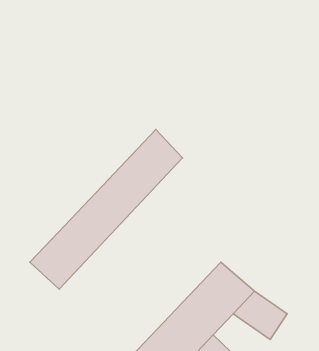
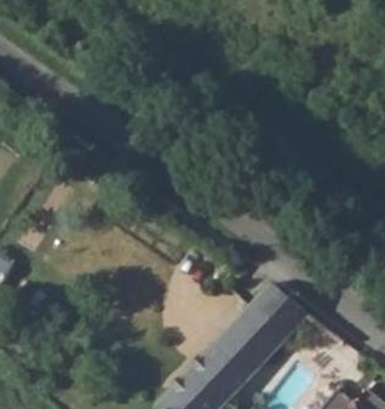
building: [30,129,183,289] -> none

